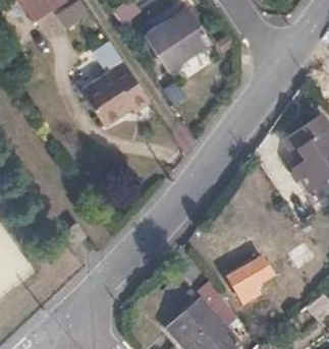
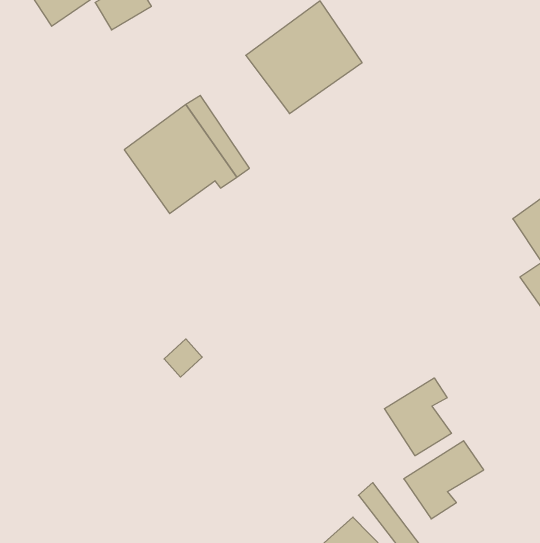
building: none -> [384,378,451,456]

